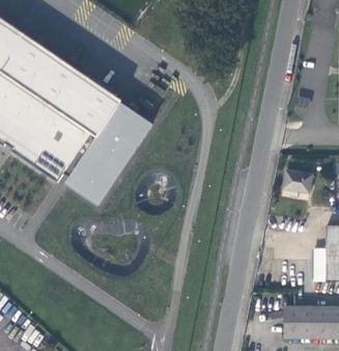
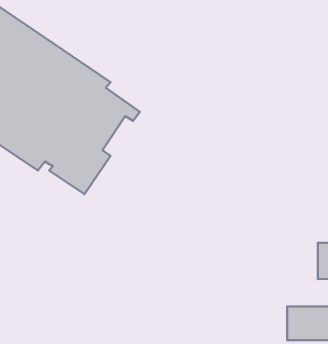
building: [282,169,312,192] -> none

